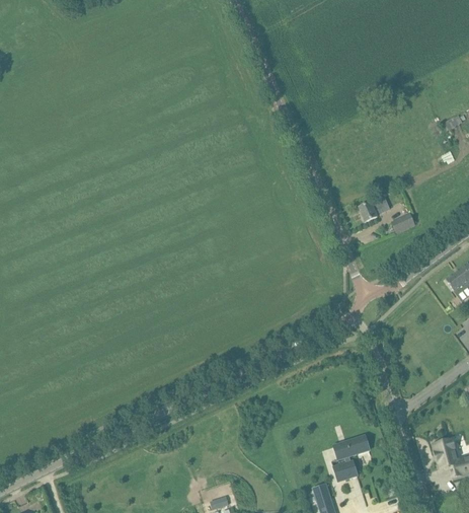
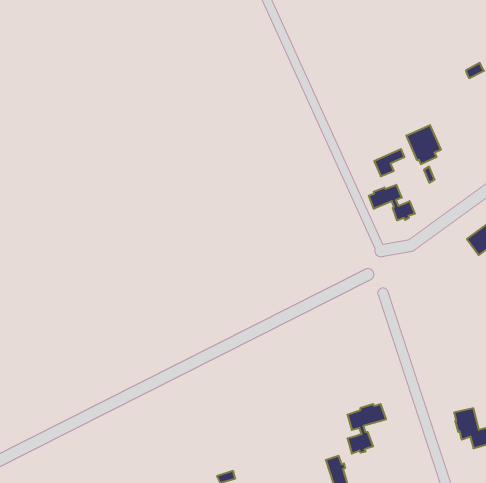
building: none -> [406,125,441,164]
building: none -> [369,185,415,220]

